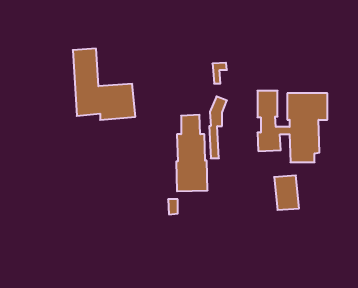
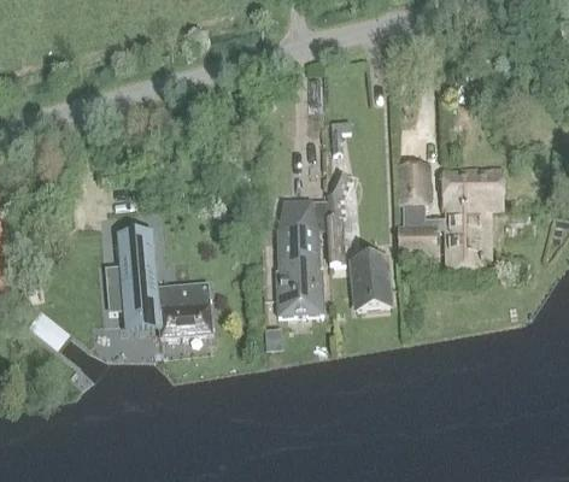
building: [73,49,135,120] -> [118,228,212,335]
building: [274,175,299,210] -> [352,255,389,307]

